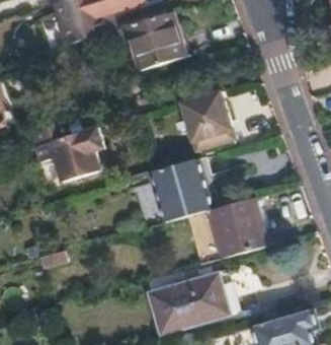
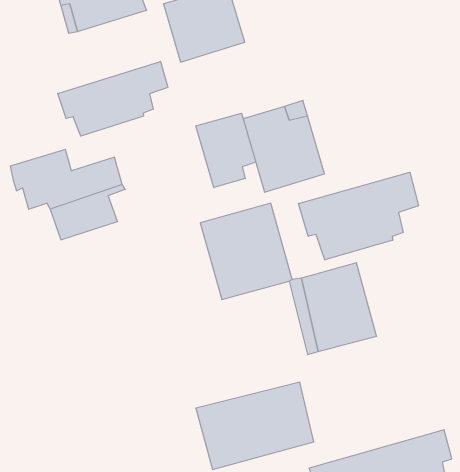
building: none -> [58,61,168,136]
building: none -> [196,113,256,188]
building: none -> [299,172,418,260]

